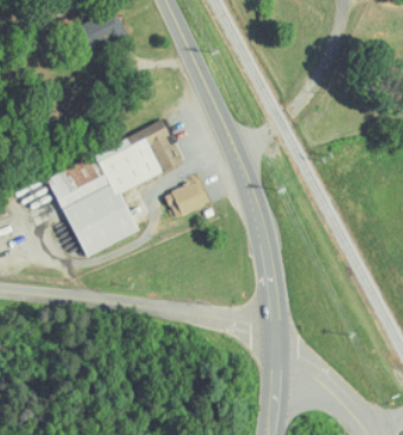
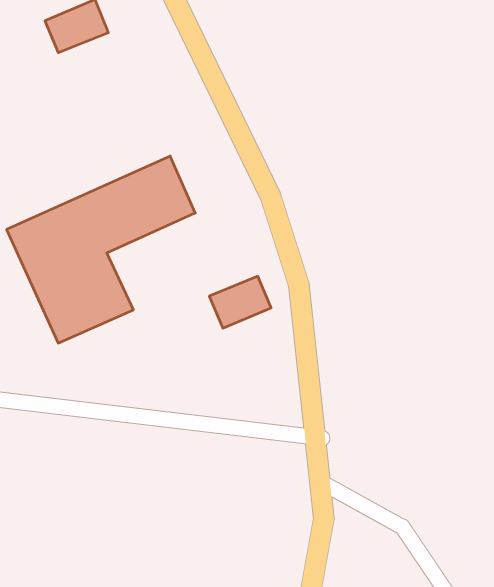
building: [165,180,209,217] -> [209,276,271,328]

